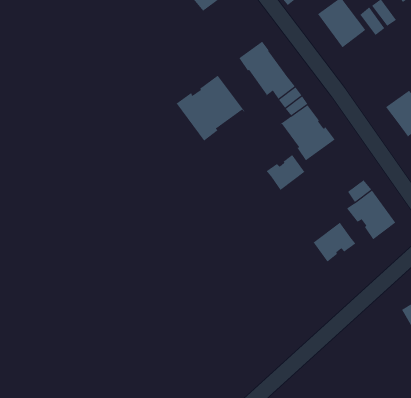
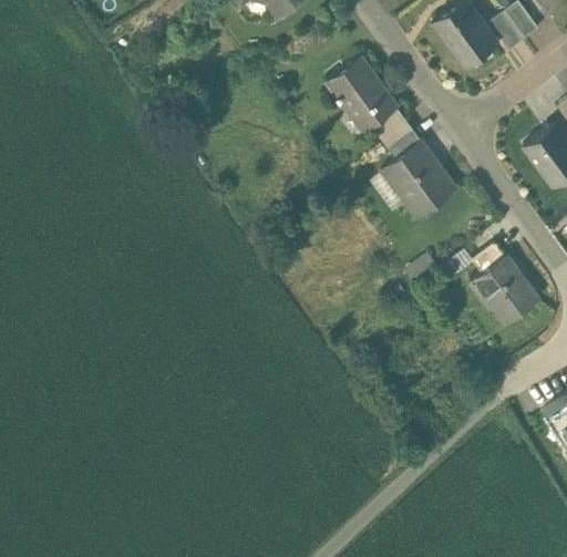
building: [176,73,245,142] -> none
building: [266,154,305,191] -> none
building: [313,222,356,262] -> none

